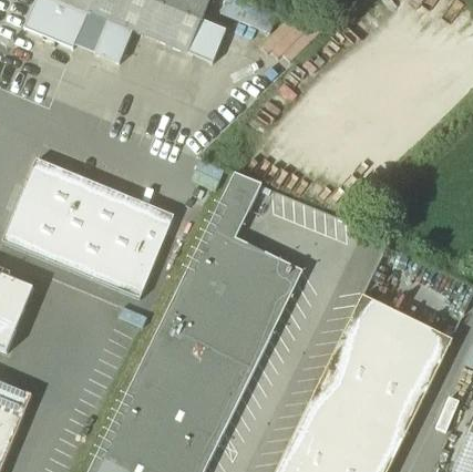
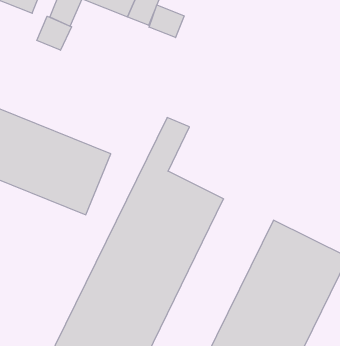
building: none -> [149,5,184,38]
building: none -> [37,16,72,50]

